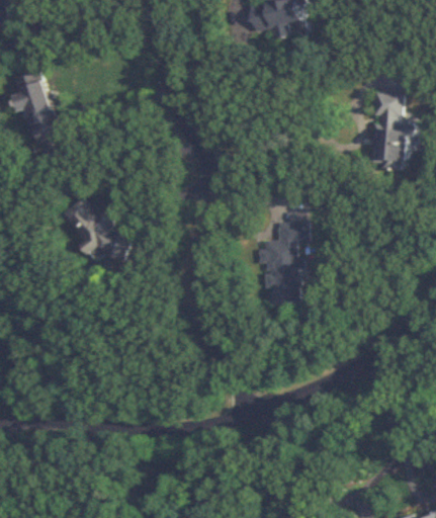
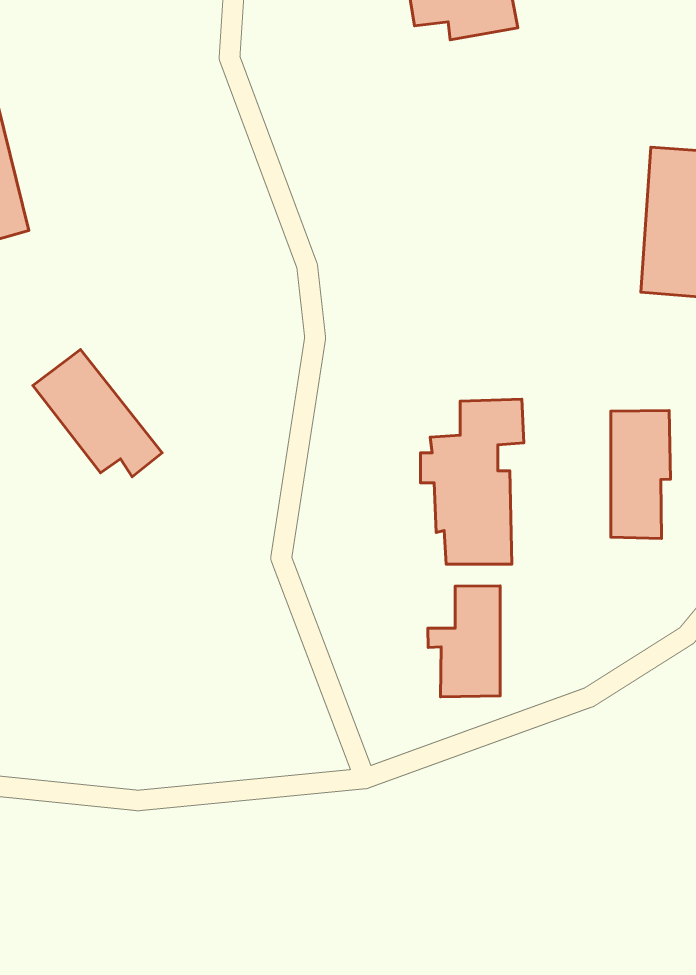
building: none -> [611,411,671,539]
building: none -> [428,586,500,697]

